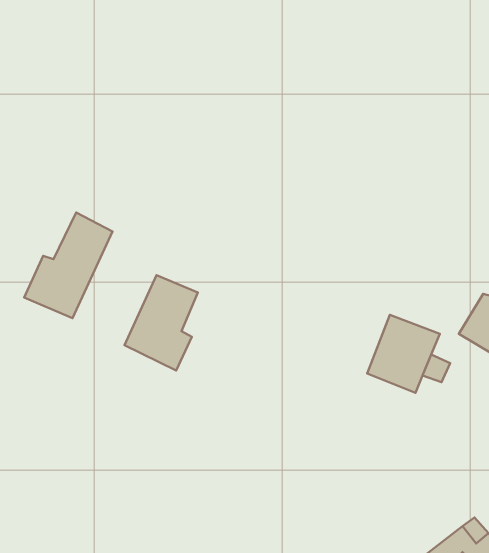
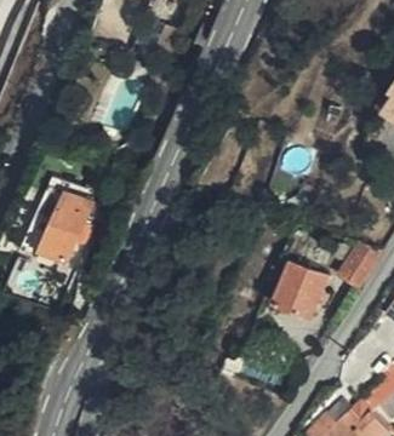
building: [124,275,198,370] -> none

